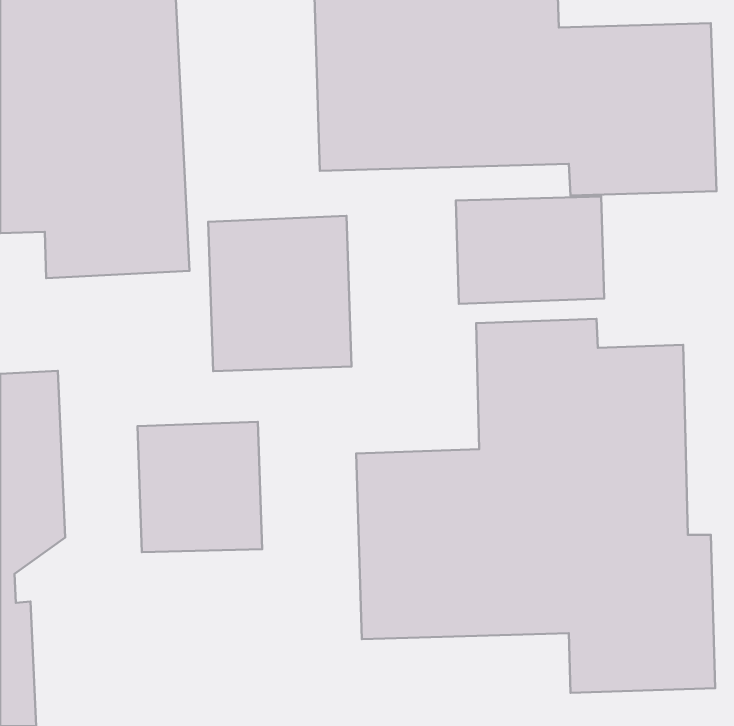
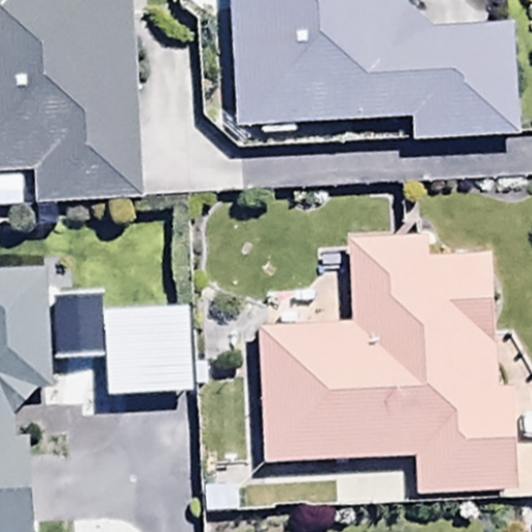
building: [456,196,604,304] -> none
building: [208,216,352,371] -> none

